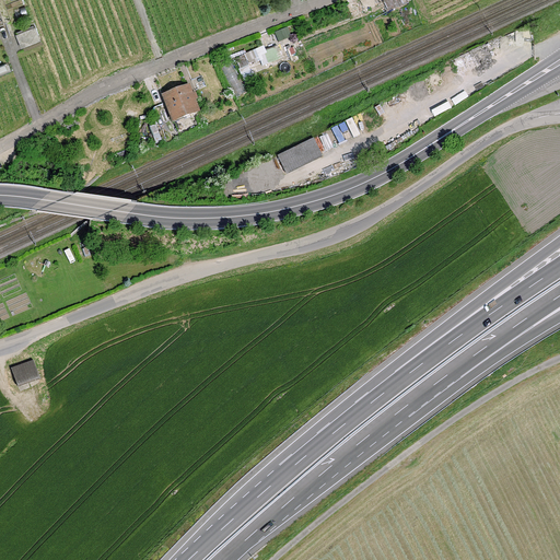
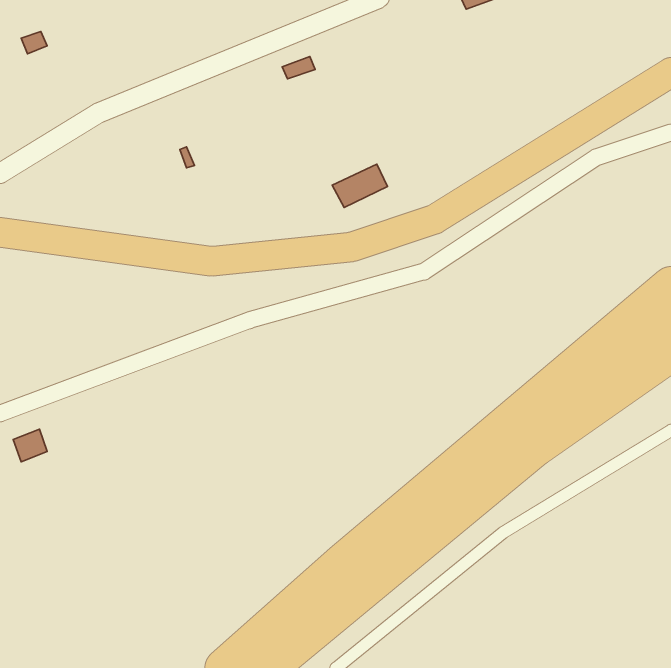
building: [164,84,198,119] -> none

